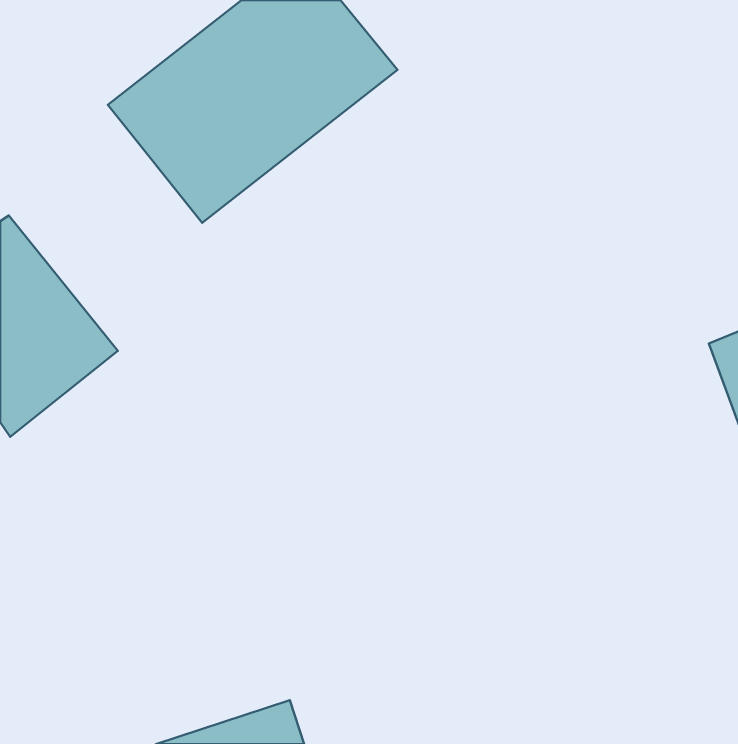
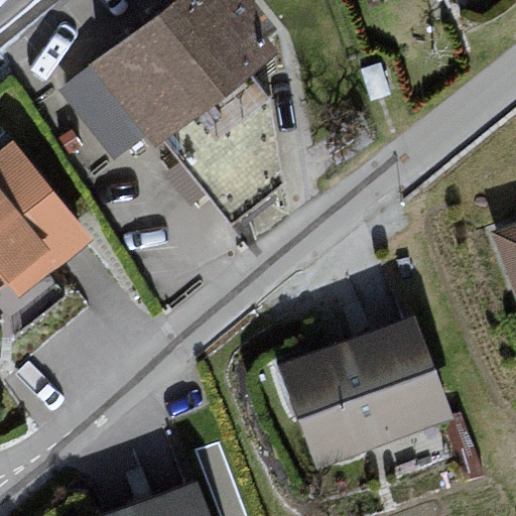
building: none -> [284,317,450,463]

